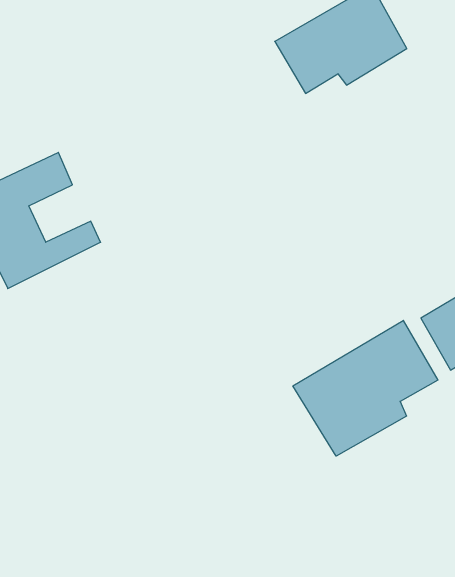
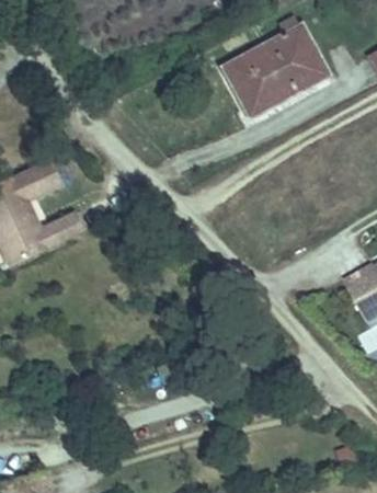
building: [293,320,438,456] -> none

